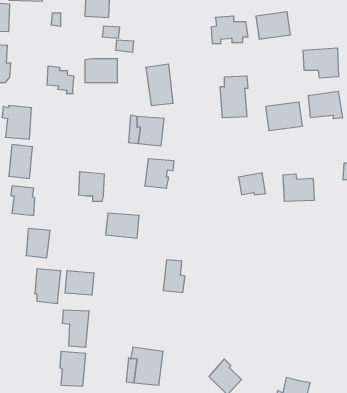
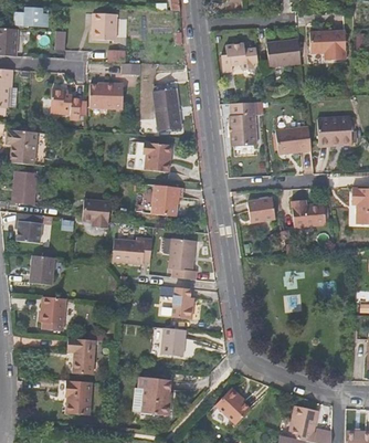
building: [303,48,339,78] -> [308,31,345,61]
building: none -> [161,238,197,279]
building: [65,270,94,295] -> none
building: none -> [159,327,184,355]

